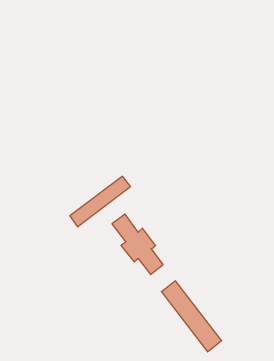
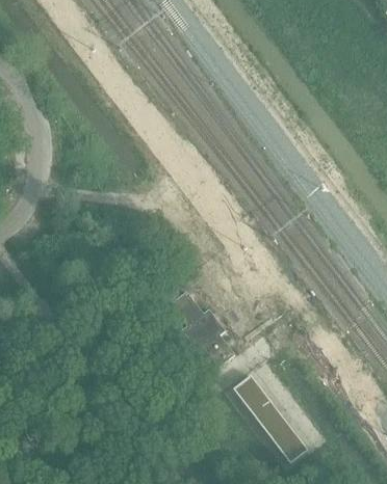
building: [70,176,130,227] -> none

